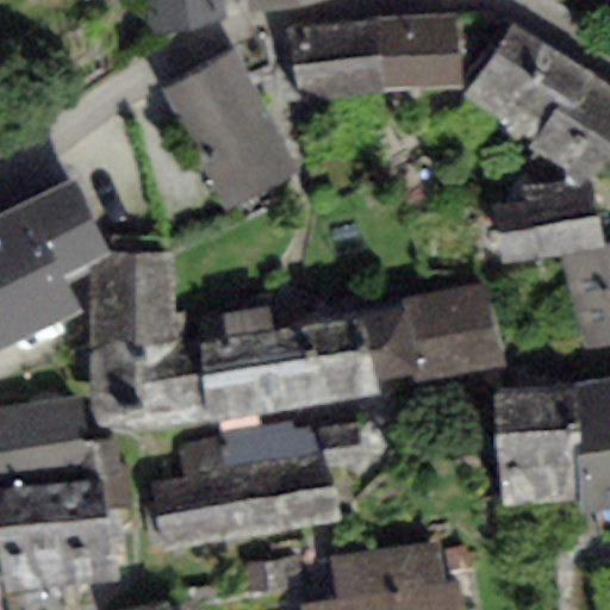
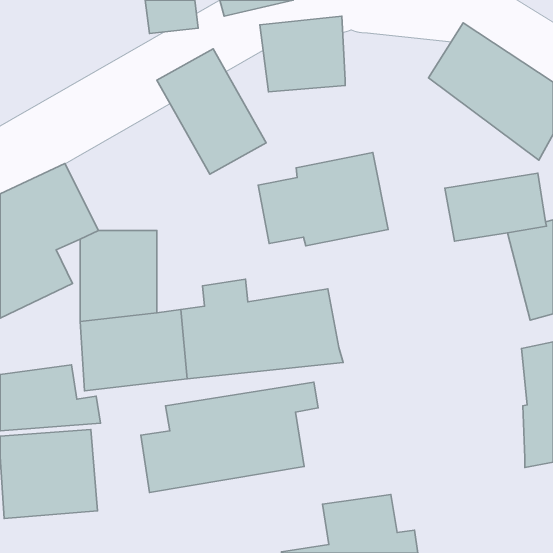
building: [376,14,459,88] -> none
building: [361,282,504,385] -> [258,153,388,246]
building: [492,384,580,510] -> none

